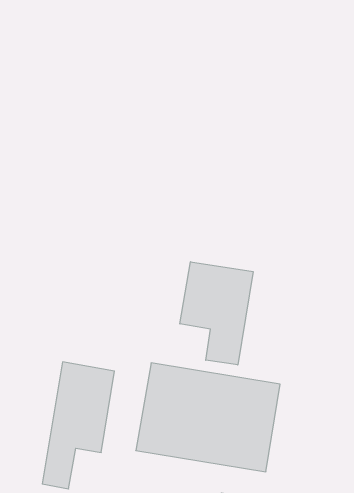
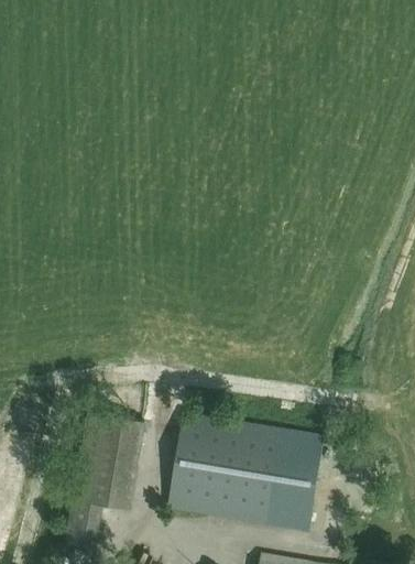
building: [180,262,253,365] -> none

